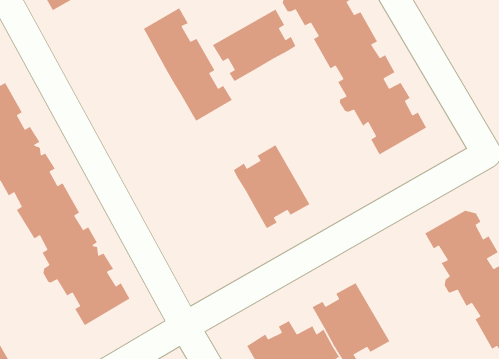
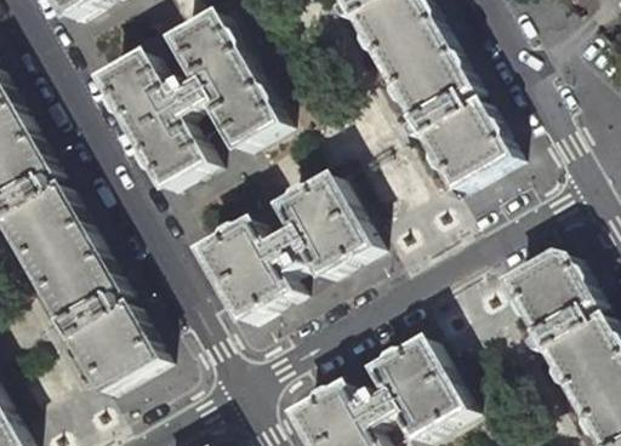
building: [212,9,296,82] -> none
building: none -> [102,52,217,188]
building: none -> [200,215,304,319]

